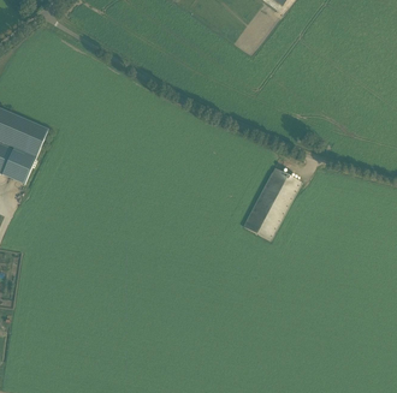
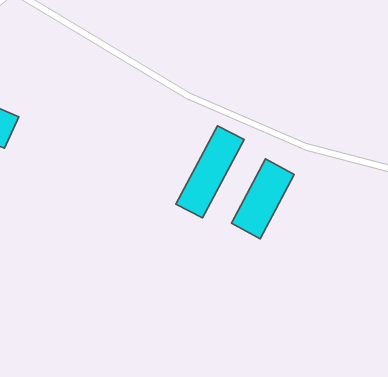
building: none -> [176,126,244,218]

